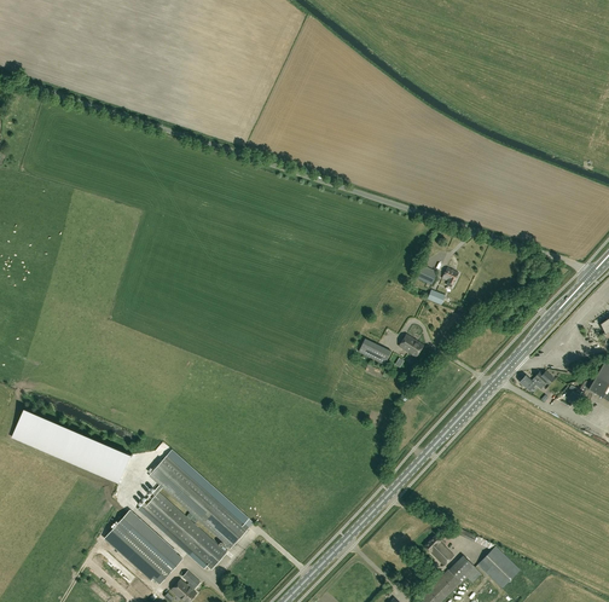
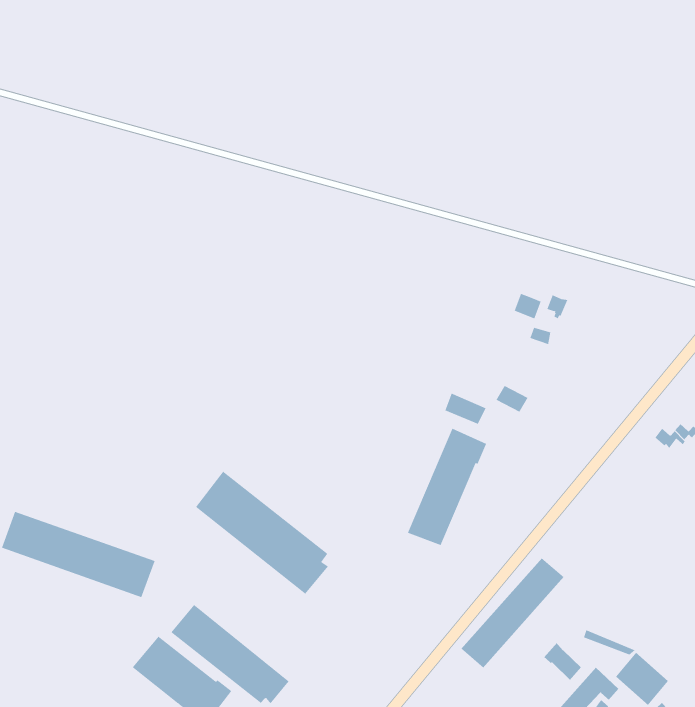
building: none -> [407,428,487,546]
building: [150,450,250,549] -> [195,471,329,594]
building: none -> [460,557,564,668]

